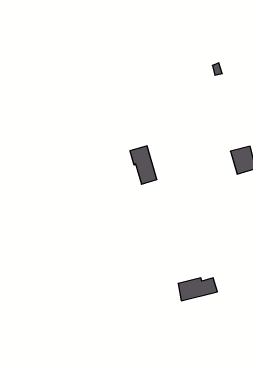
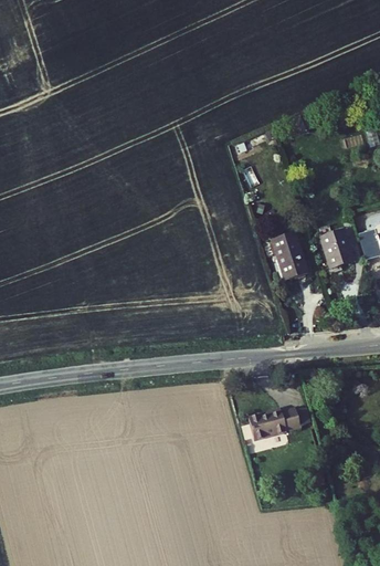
building: [130,146,157,184] -> [268,227,305,279]

